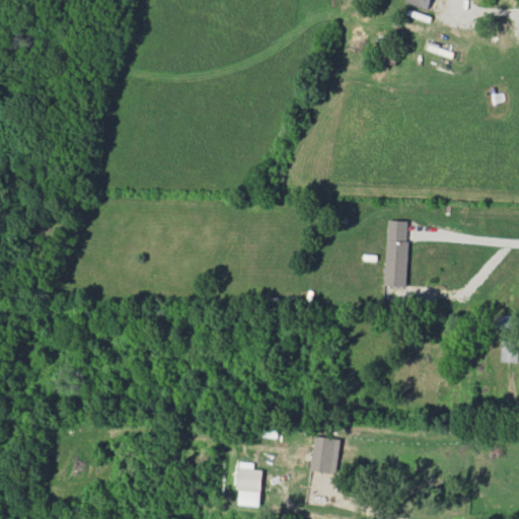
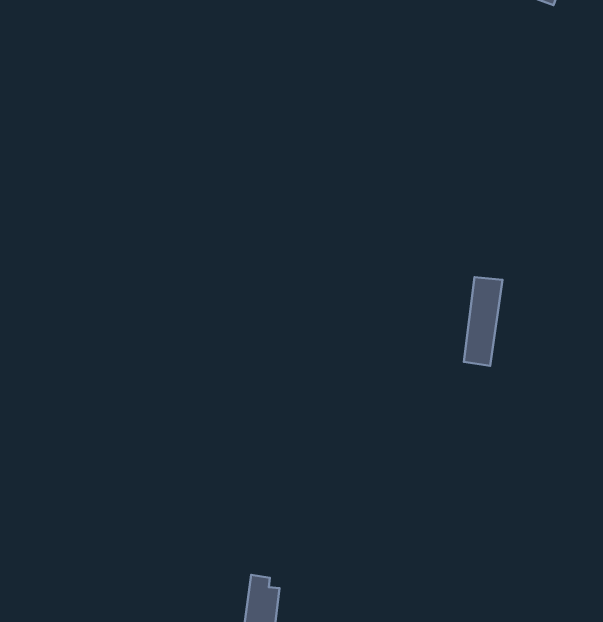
building: [309,436,342,474] -> none

